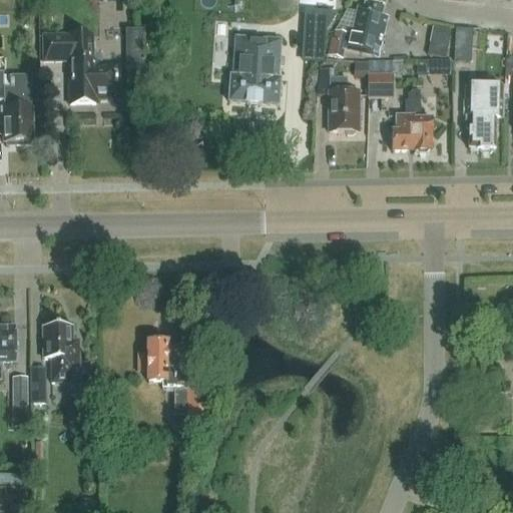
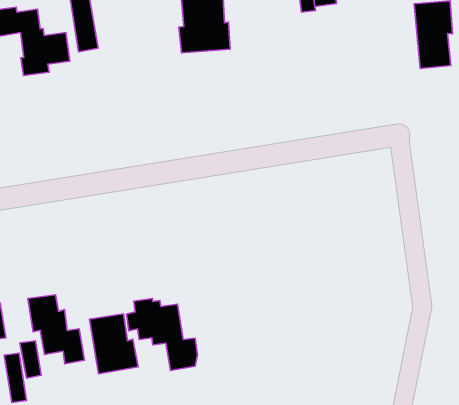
building: [316,66,360,130] -> none
building: [370,72,393,95] -> none
building: [393,87,432,149] -> none
building: none -> [89,314,138,374]

